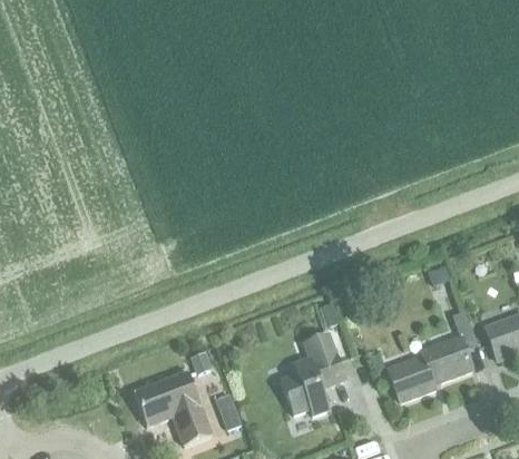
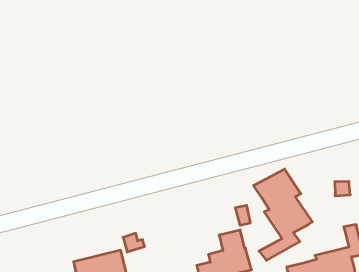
building: none -> [254,169,312,260]

